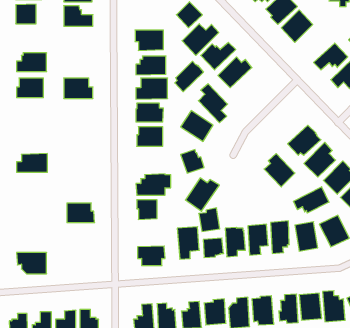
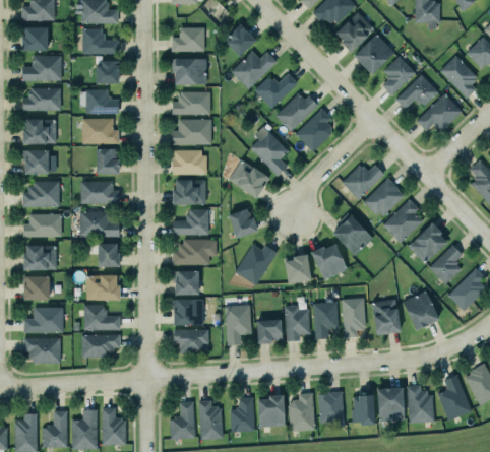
building: none -> [172,27,205,52]
building: none -> [22,56,62,81]
building: none -> [382,56,416,95]
building: none -> [97,61,119,83]
building: none -> [80,89,119,114]
building: [175,61,203,92] -> none
building: none -> [295,109,331,152]
building: none -> [97,148,120,173]
building: none -> [23,149,49,174]
building: none -> [342,165,384,200]
building: none -> [23,181,60,206]
building: none -> [81,181,120,203]
building: none -> [173,209,208,235]
building: none -> [80,211,120,237]
building: none -> [99,244,120,266]
building: none -> [311,244,348,280]
building: none -> [23,245,57,270]
building: [294,187,329,213] -> none
building: none -> [23,276,50,300]
building: [199,208,220,231] -> [285,254,311,283]
building: none -> [174,299,204,325]
building: none -> [84,305,120,330]
building: none -> [24,307,63,333]
building: none -> [82,334,120,357]

